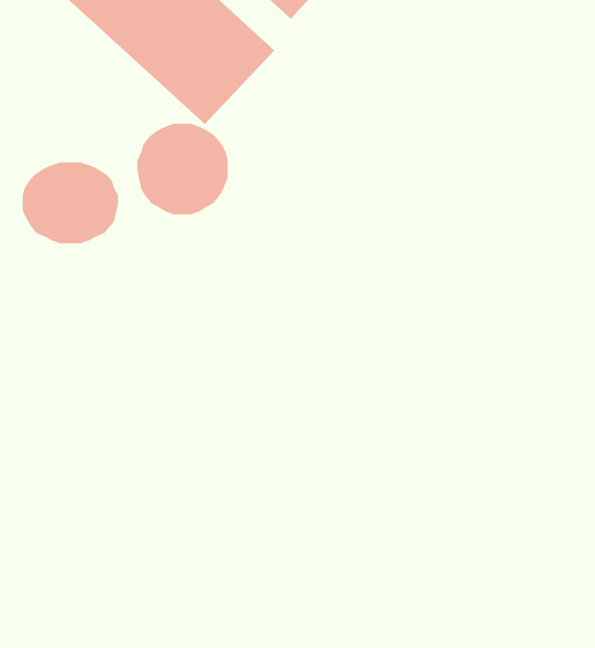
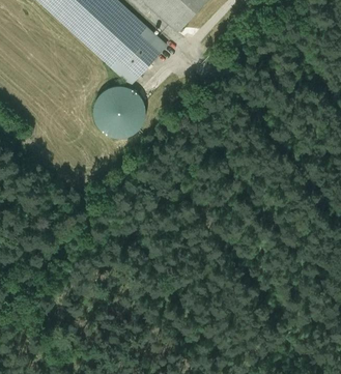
building: [22,161,119,244] -> none

